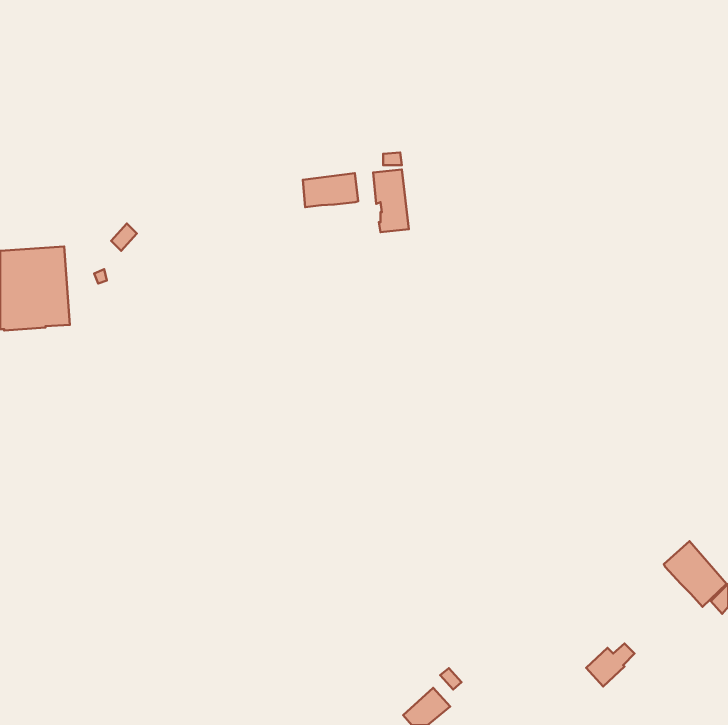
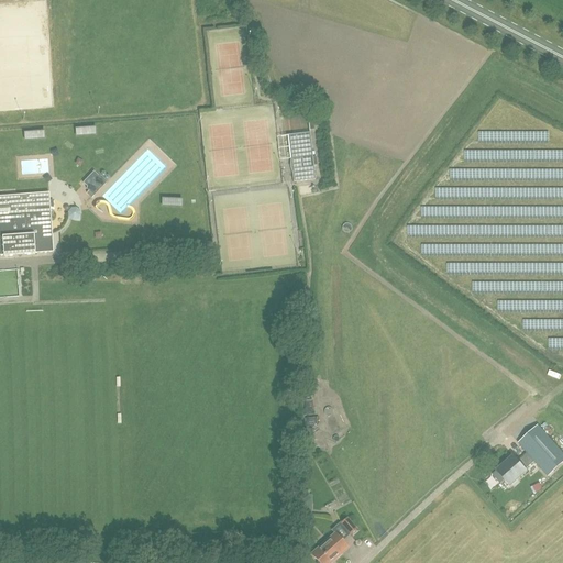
building: [303,173,358,207] -> none
building: [586,644,635,686] -> [496,451,533,484]

